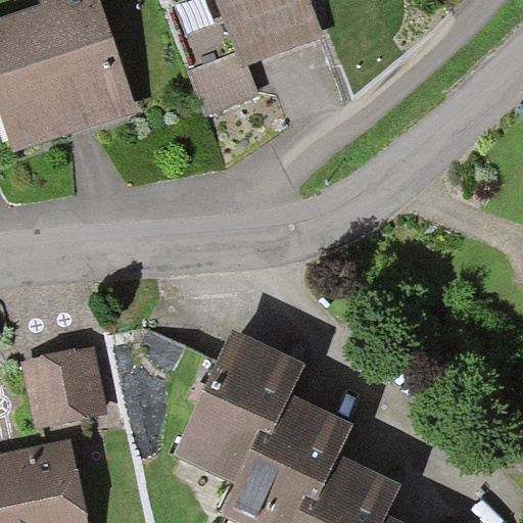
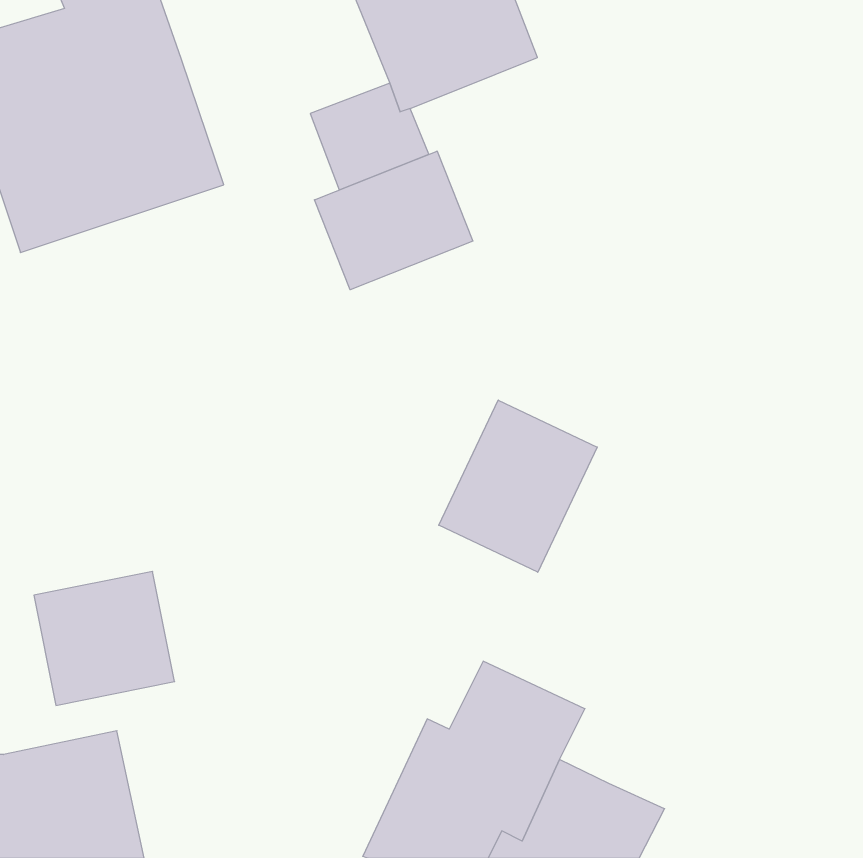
building: none -> [314,151,473,290]
building: none -> [439,400,597,572]
building: [173,332,305,483] -> none

